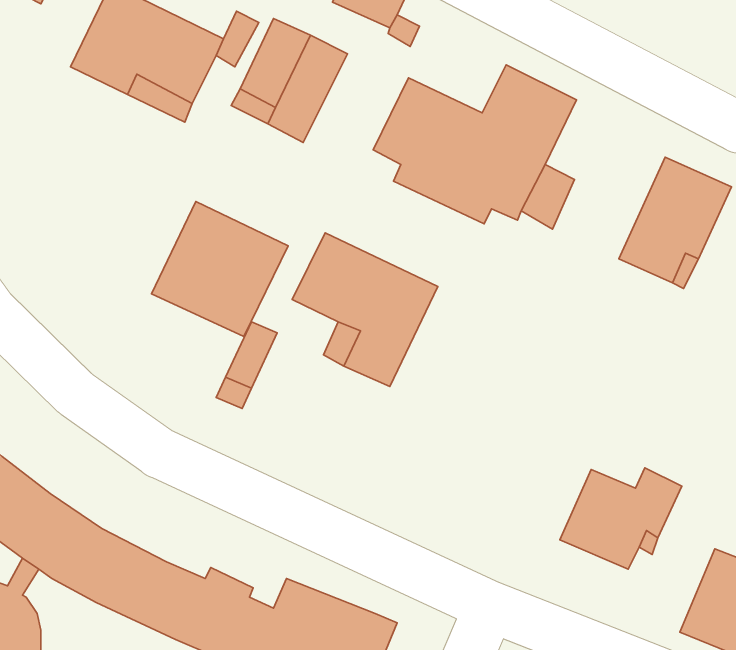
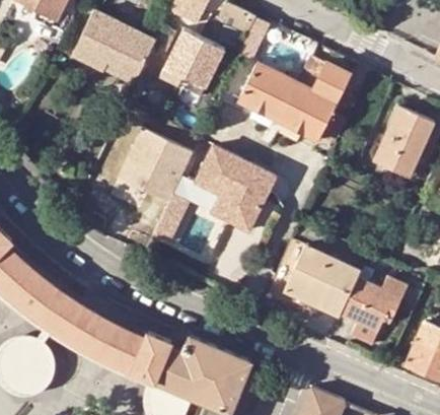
building: none -> [283,245,360,319]

